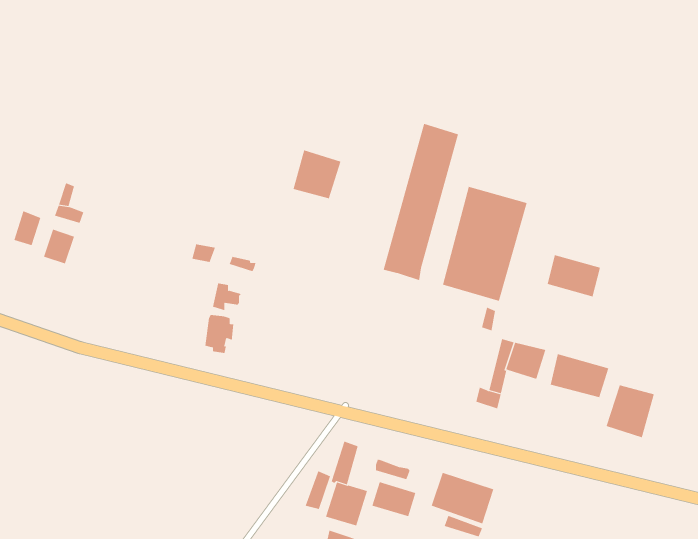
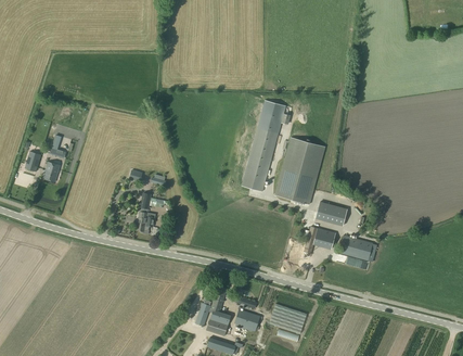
building: [293,149,341,199] -> none
building: [547,254,601,297] -> [316,202,347,227]
building: [606,385,655,438] -> none

